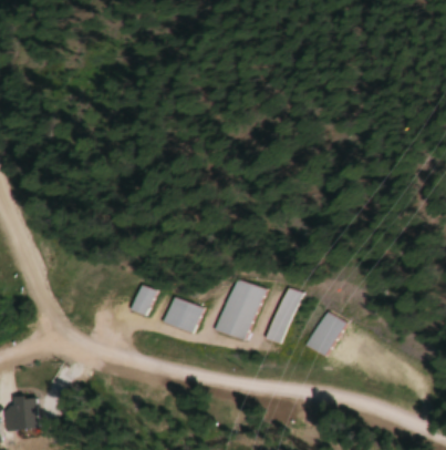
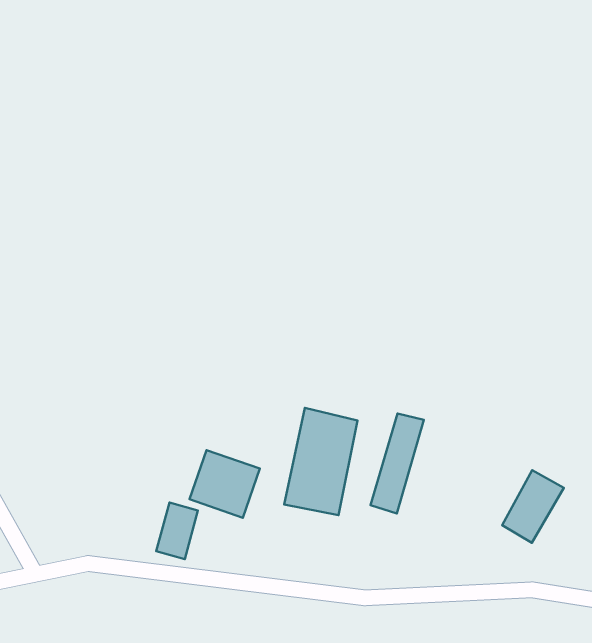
building: [131,284,157,317] -> [156,502,198,559]
building: [308,314,345,355] -> [502,470,564,543]

